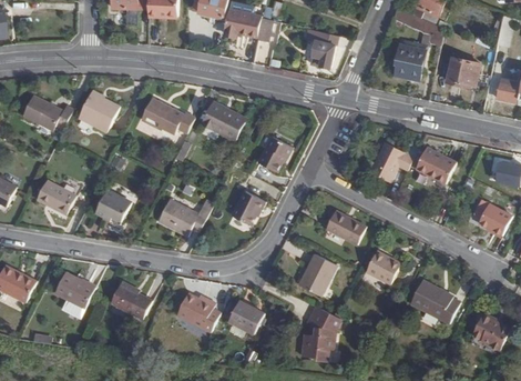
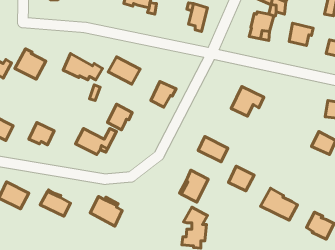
building: [415,149,454,184] -> none
building: [232,189,265,223] -> [108,104,132,130]
building: [228,299,264,333] -> none

